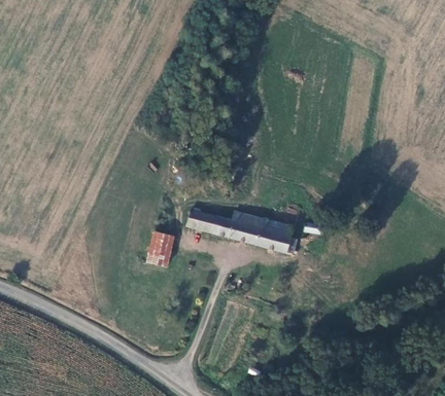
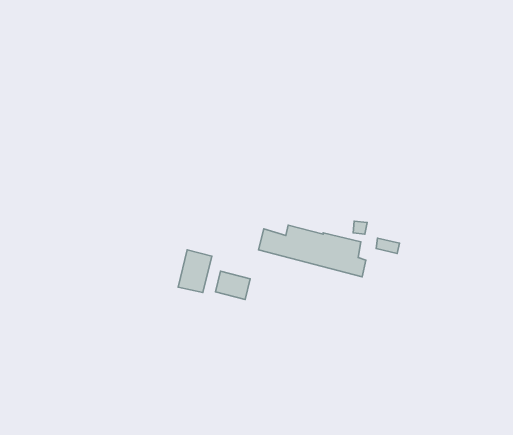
building: [186,209,214,231] -> [215,271,250,300]

